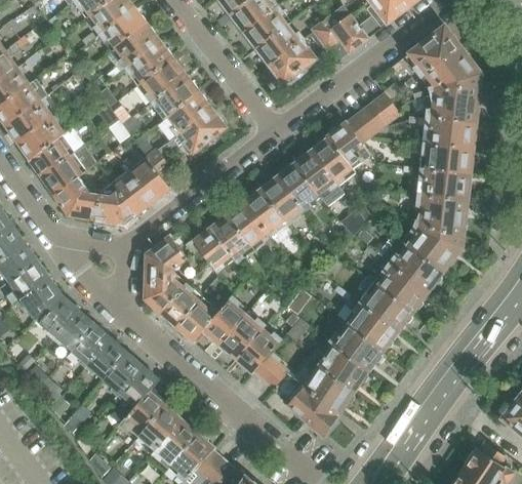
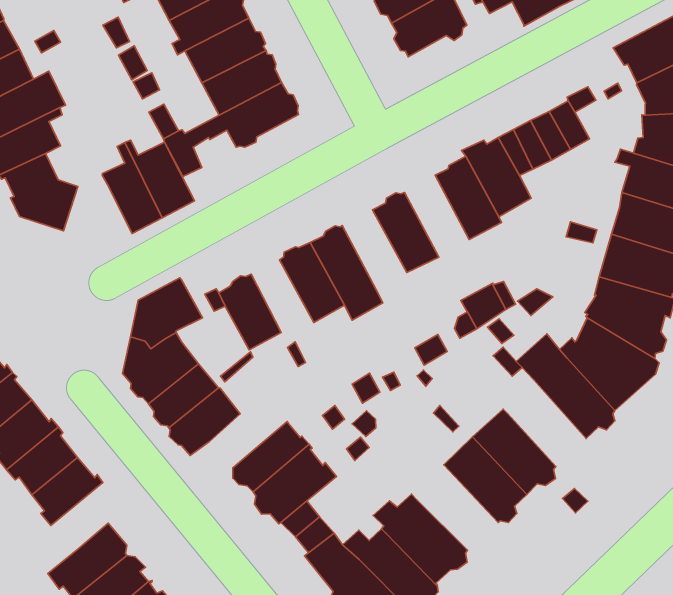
building: [294,150,337,198] -> none
building: [260,176,304,224] -> none
building: [95,183,136,224] -> none
building: [211,215,253,261] -> none
building: [374,261,427,311] -> none
building: [203,295,247,344] -> none
building: [320,321,383,369] -> none
building: [117,365,158,407] -> none

